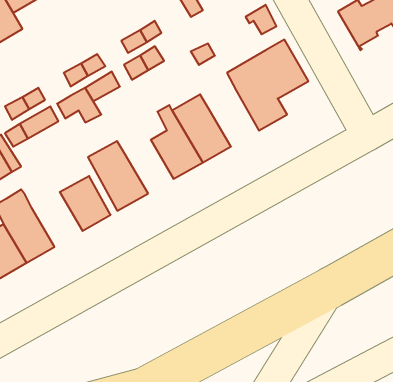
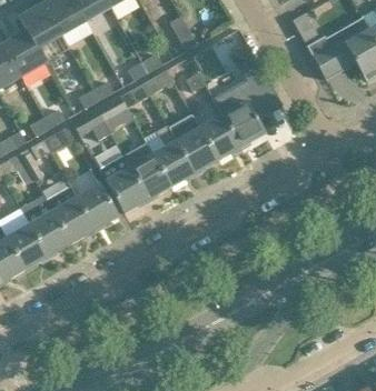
building: none -> [199,112,241,159]
building: none -> [123,142,170,198]
building: none -> [47,186,95,242]

